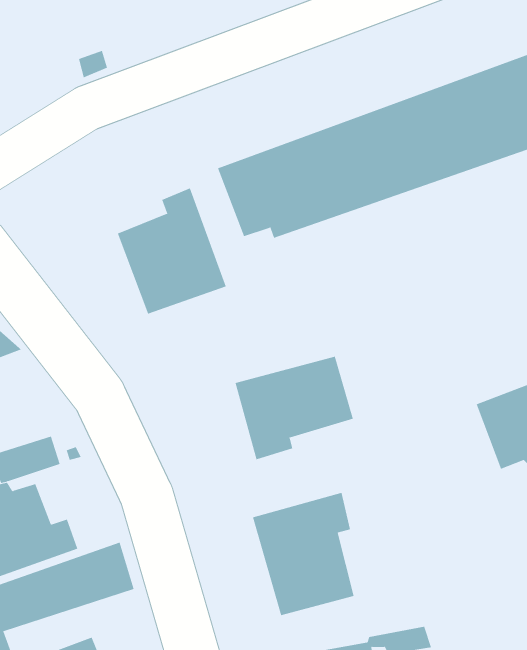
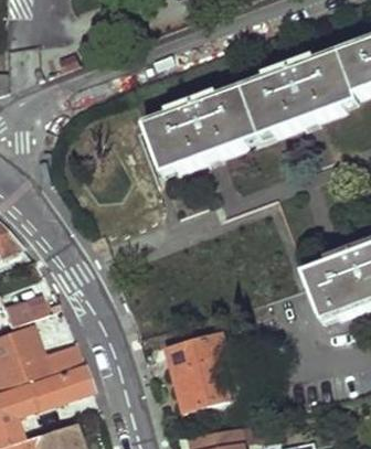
building: [117,187,227,315] -> none
building: [235,356,353,460] -> none

